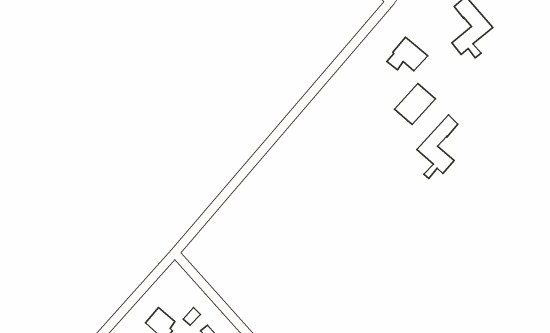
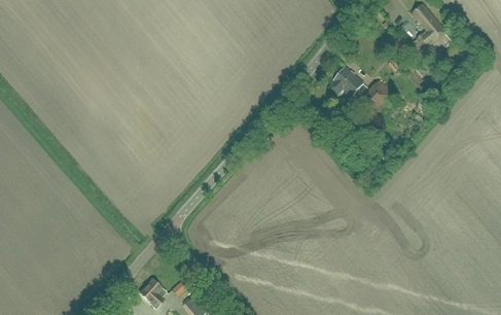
building: [387,37,428,71] -> [328,66,364,96]
building: [417,115,458,178] -> none

